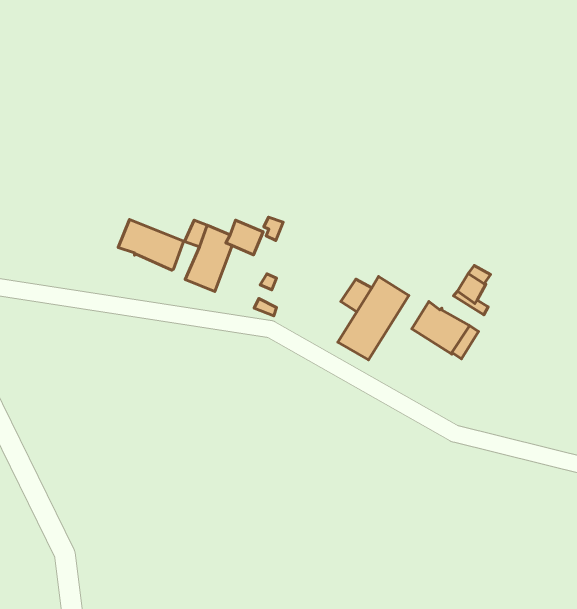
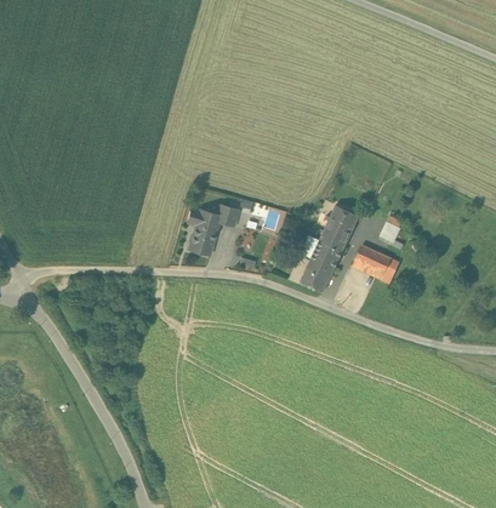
building: [118,220,185,270] -> none
building: none -> [324,205,359,242]

